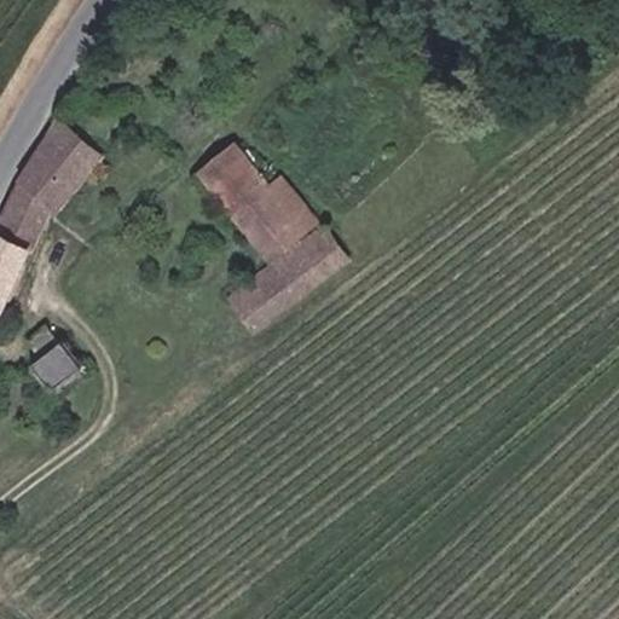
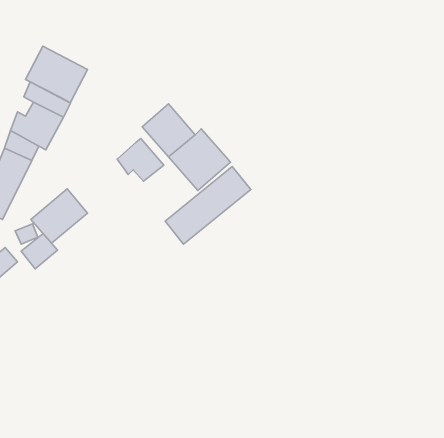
building: none -> [25,46,88,103]
building: none -> [117,138,164,181]
building: none -> [31,189,88,243]

